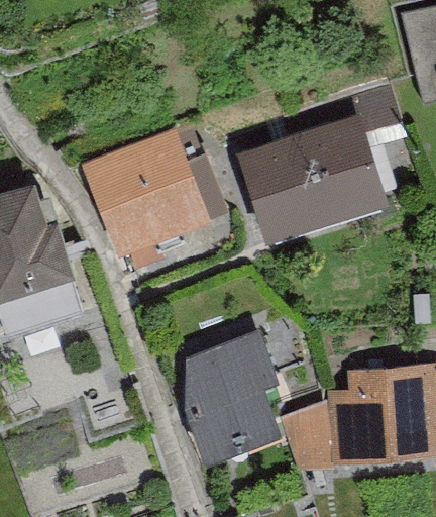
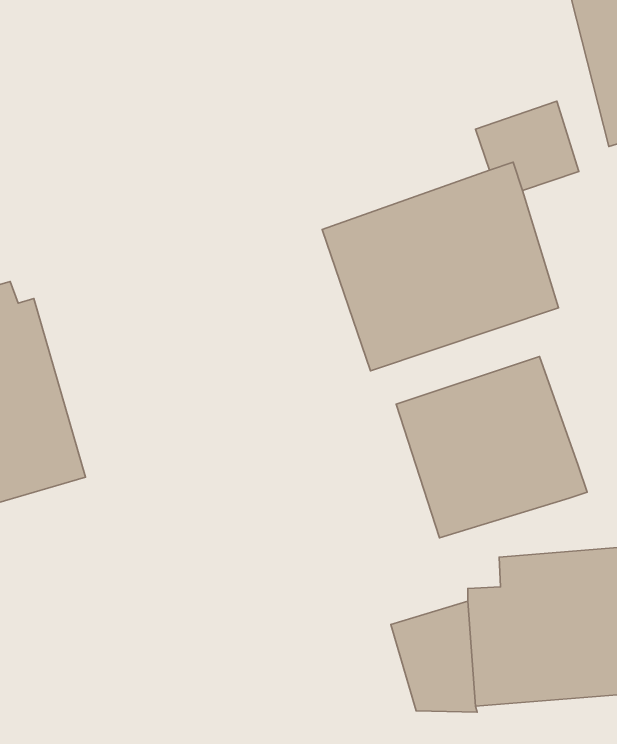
building: [81,125,214,258] -> none
building: none -> [396,356,587,538]
building: [185,329,281,472] -> none

